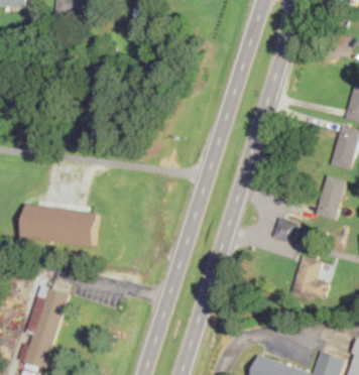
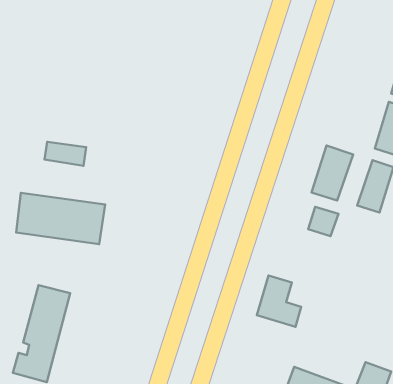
building: none -> [45,142,86,166]
building: none -> [312,145,353,201]
building: [291,256,330,300] -> [257,275,301,327]

